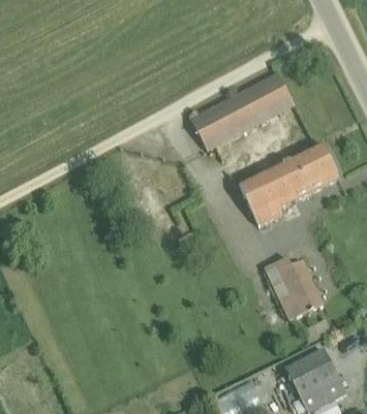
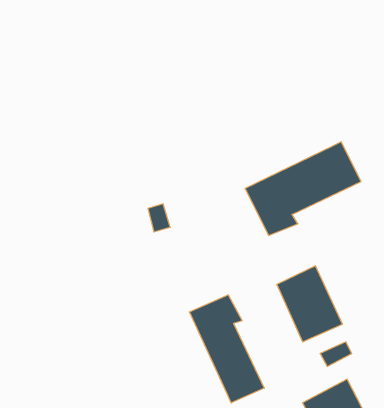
building: [190,73,294,150] -> none
building: none -> [189,295,264,403]

